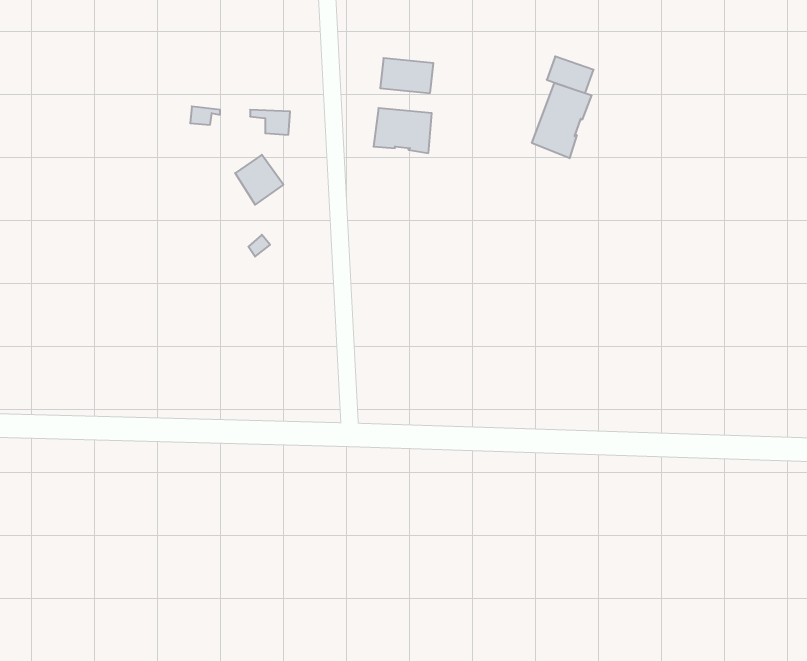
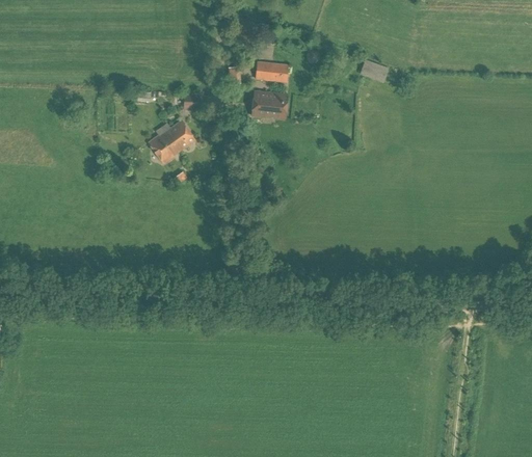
building: [532,83,592,158] -> none
building: none -> [148,132,177,163]

